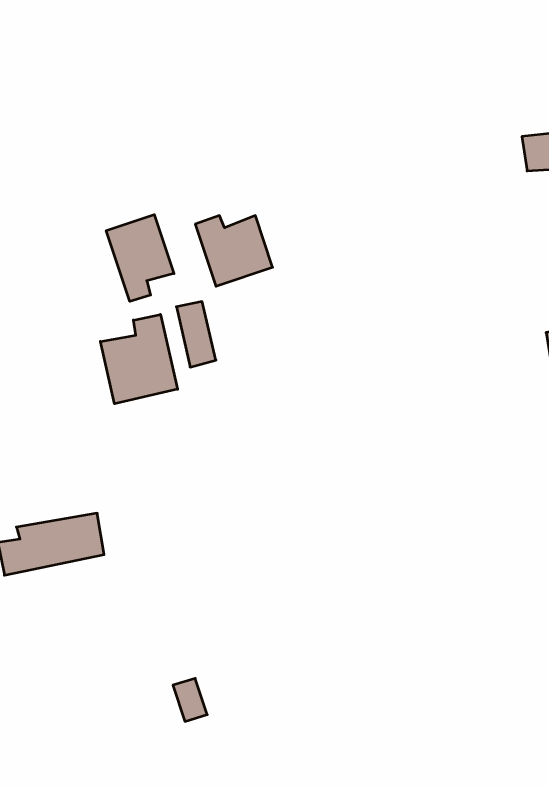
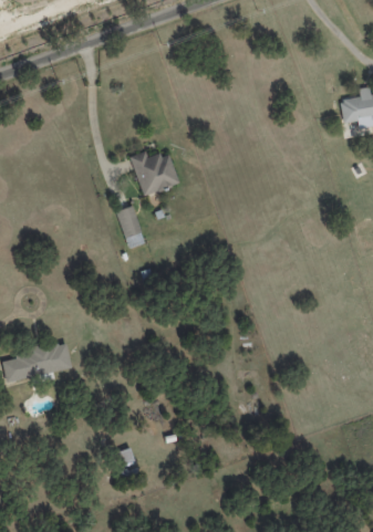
building: [106,215,174,301] -> none
building: [100,314,178,404] -> none

